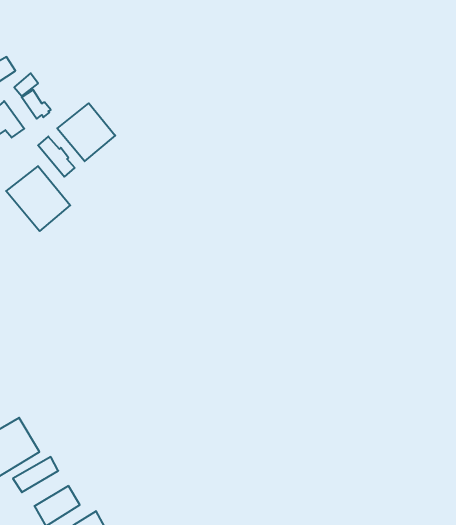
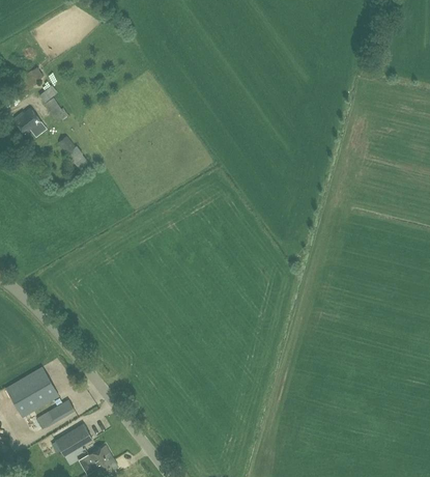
building: [57,103,115,161] -> none
building: [6,166,70,231] -> none

